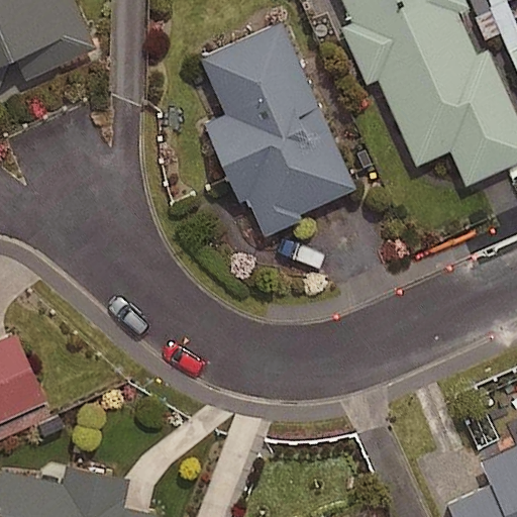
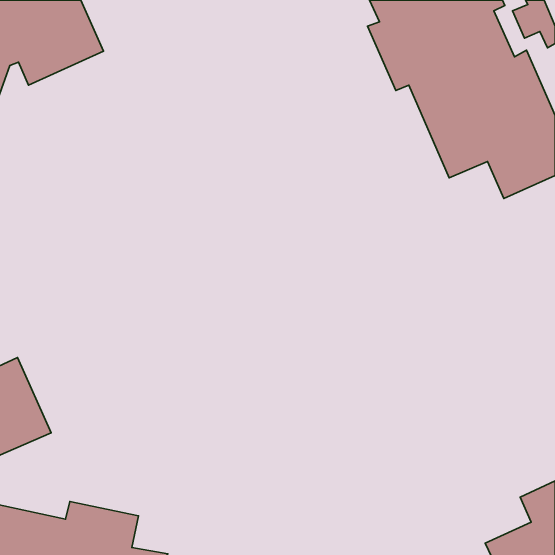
building: [202,23,355,236] -> none

